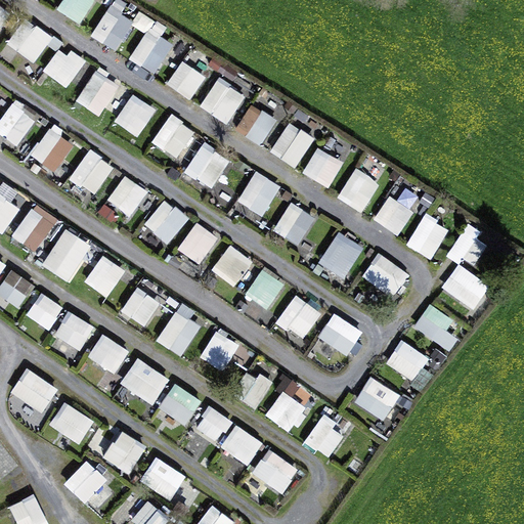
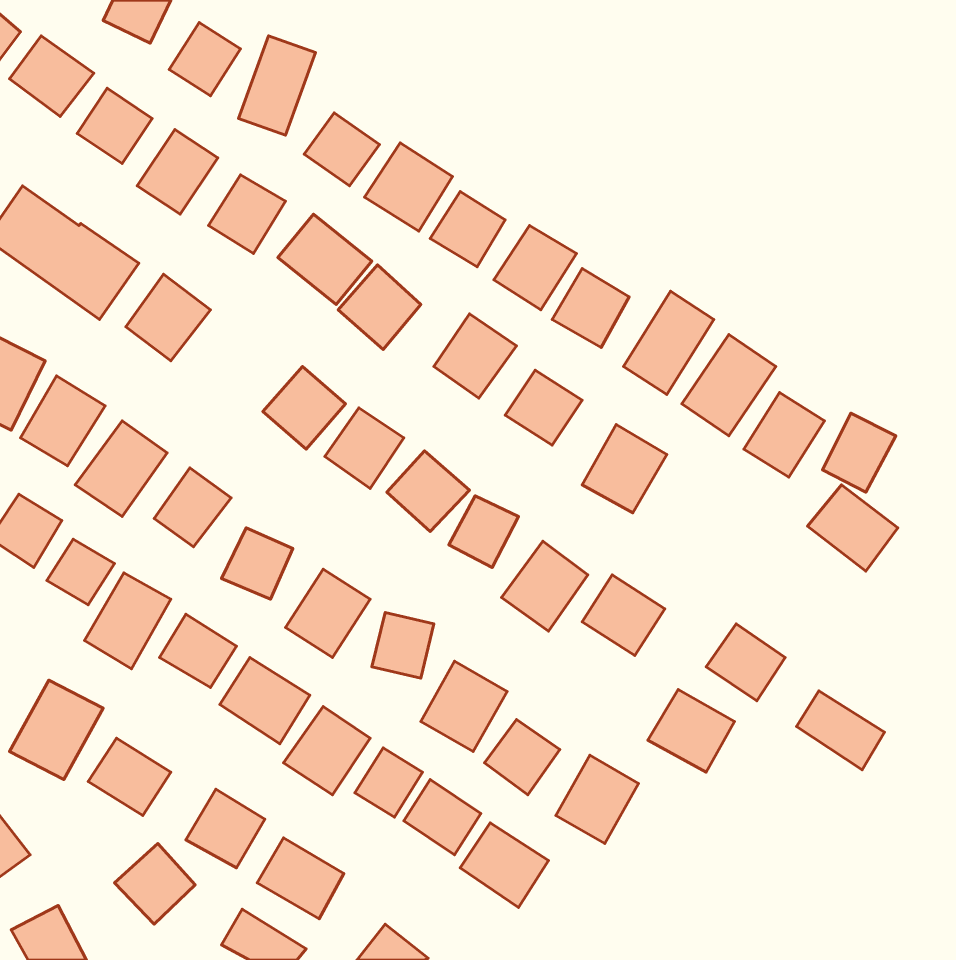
building: [106,175,148,217] -> none
building: [361,253,408,298] -> none
building: [413,308,462,351] -> [796,691,885,770]

